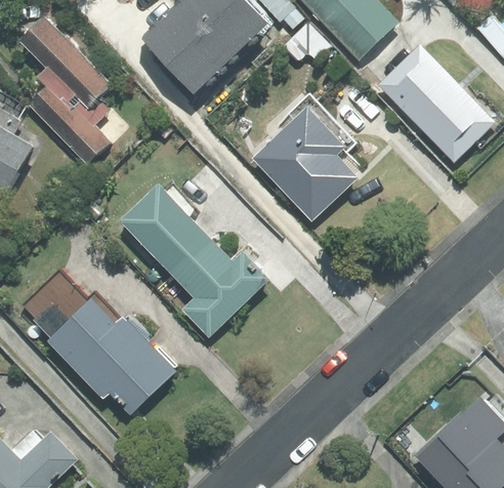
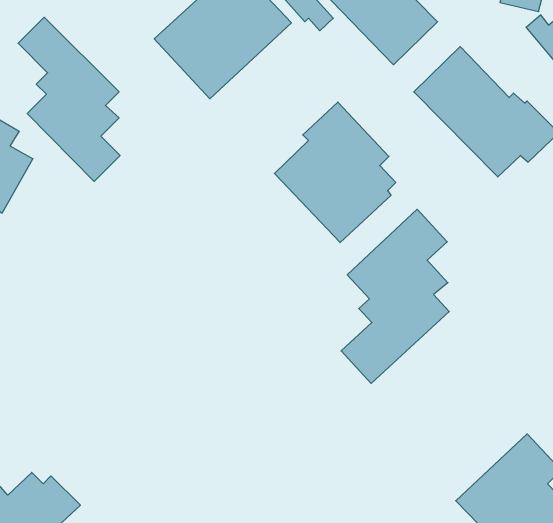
building: [120,187,269,338] -> none
building: none -> [341,209,449,383]
building: [23,270,174,415] -> none

